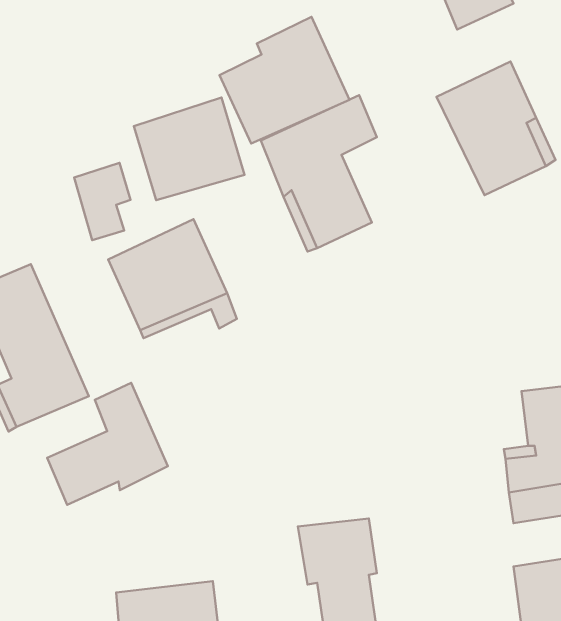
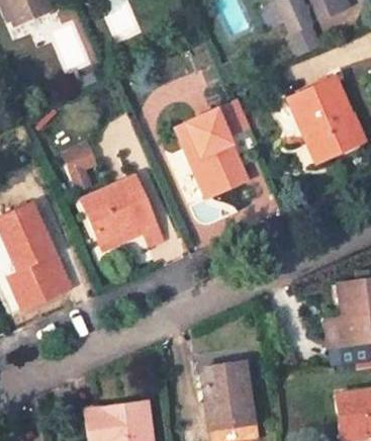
building: [220,17,350,143] -> none
building: [134,98,245,200] -> none
building: [47,383,168,505] -> none

